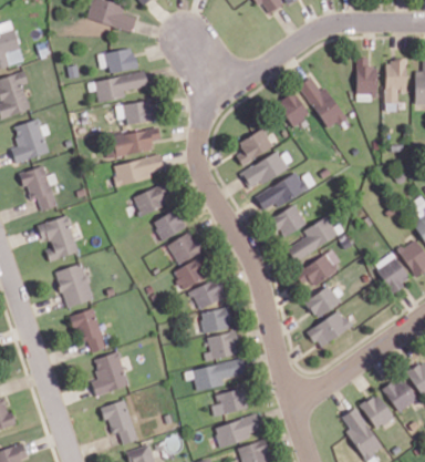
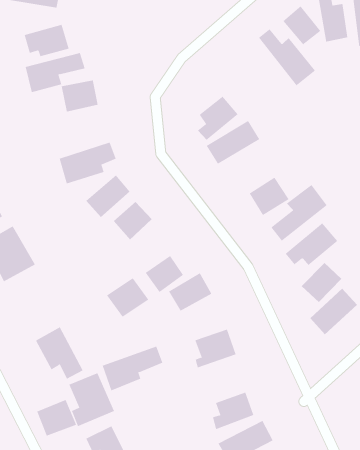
building: [278,92,310,126] -> [282,6,321,45]
building: [112,125,160,156] -> none
building: [256,172,308,212] -> none
building: [167,230,204,264] -> [106,277,149,318]
building: [55,263,93,307] -> none
building: [201,307,232,331] -> none
building: [193,358,246,391] -> [102,346,163,391]
building: none -> [37,399,77,437]

